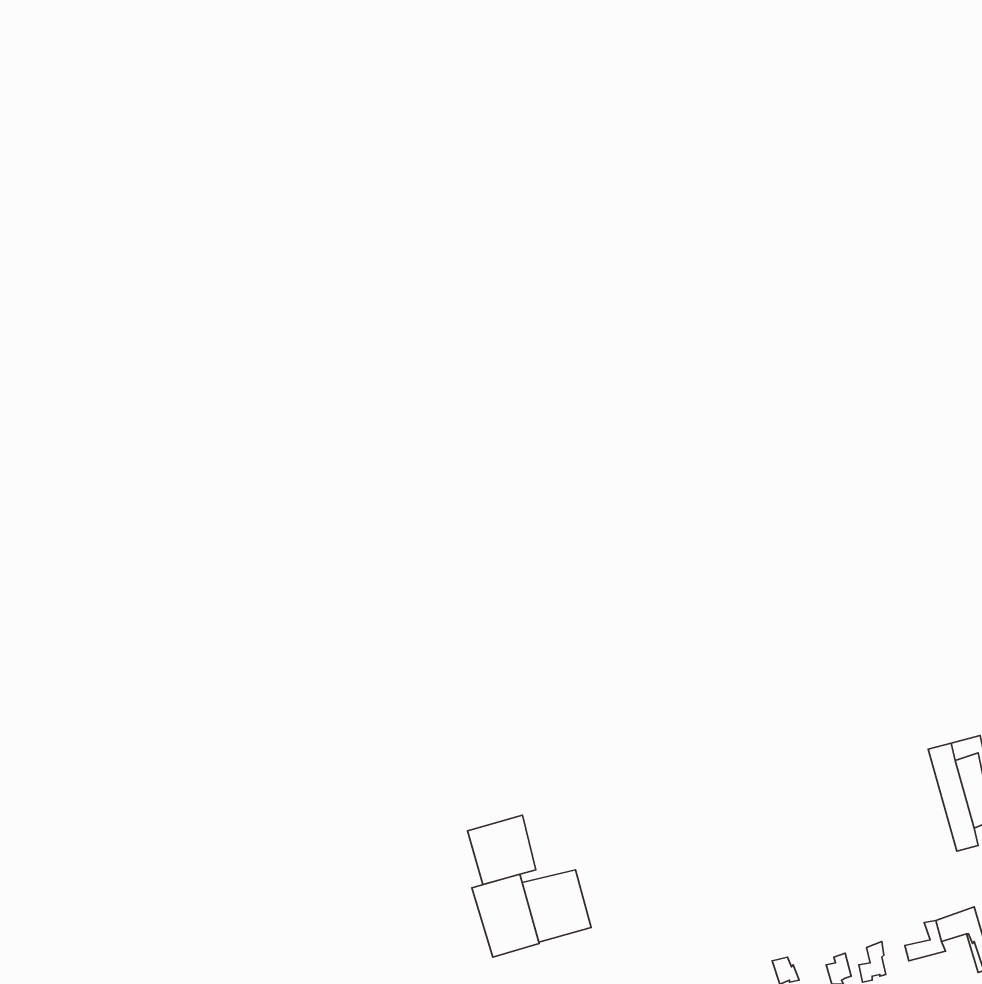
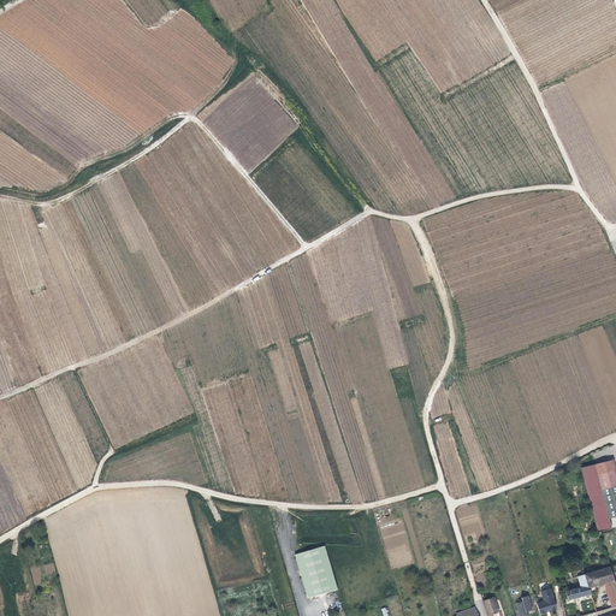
building: [468,815,536,884] -> none
building: [522,870,591,942] -> none

